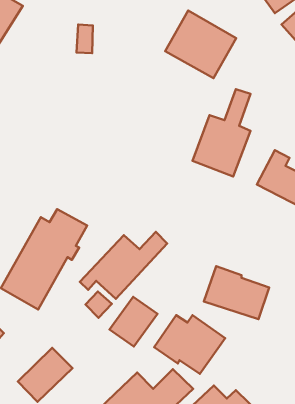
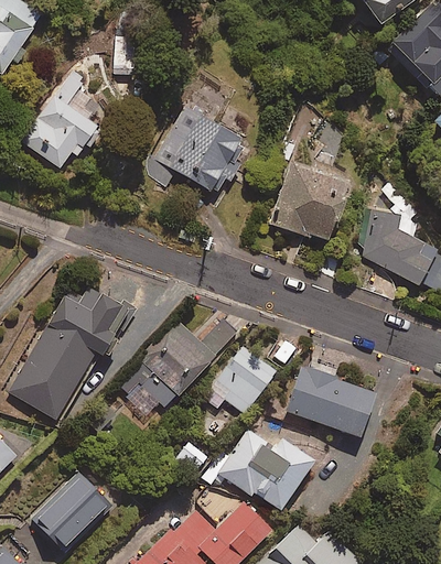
building: [165,11,236,78] -> [155,106,251,197]
building: none -> [21,73,106,172]
building: [109,297,158,347] -> [209,347,275,414]

